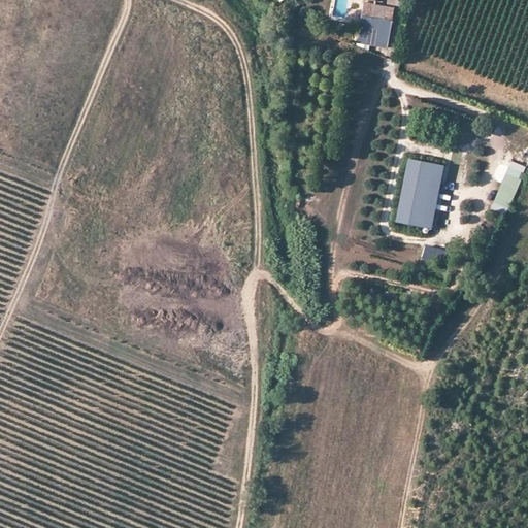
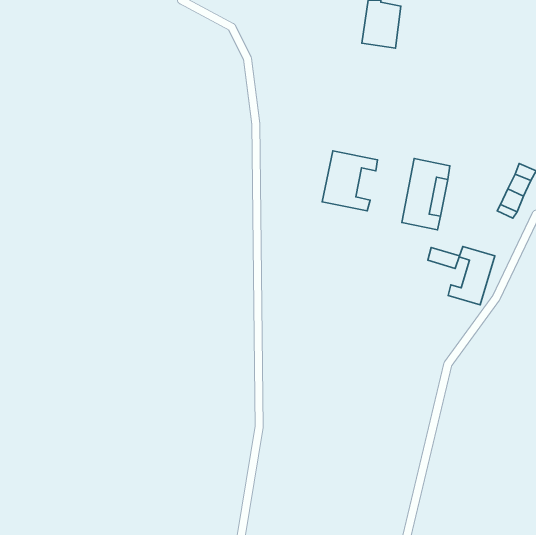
building: none -> [322,151,378,211]
building: none -> [448,247,495,305]

